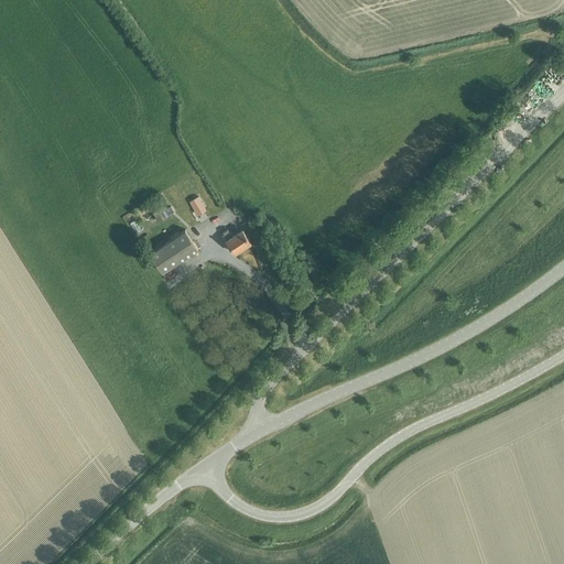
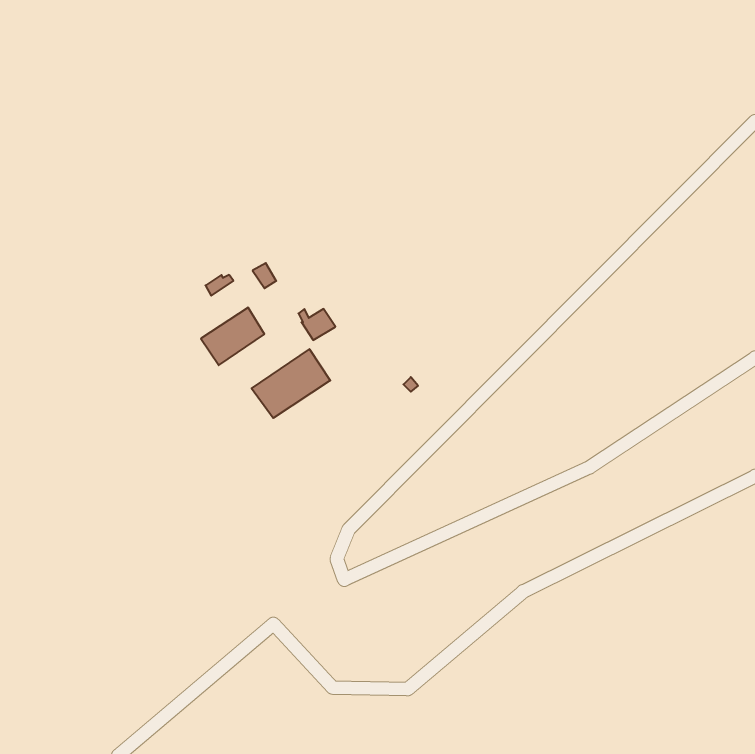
building: none -> [252,349,330,418]

